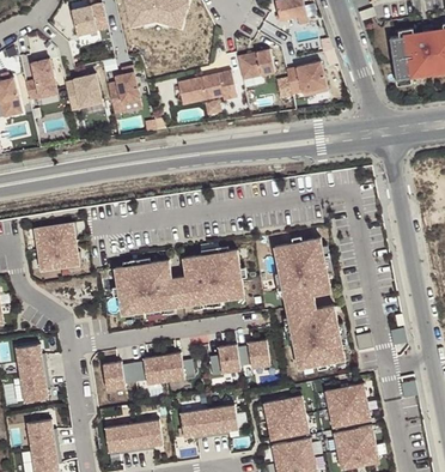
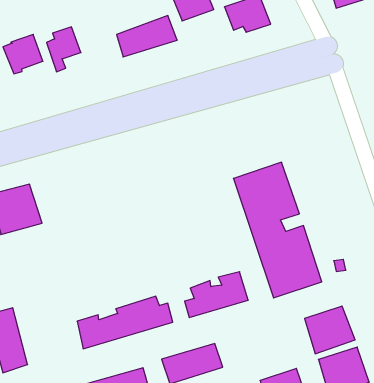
building: [112,243,246,310] -> none
building: [264,394,309,438] -> none

